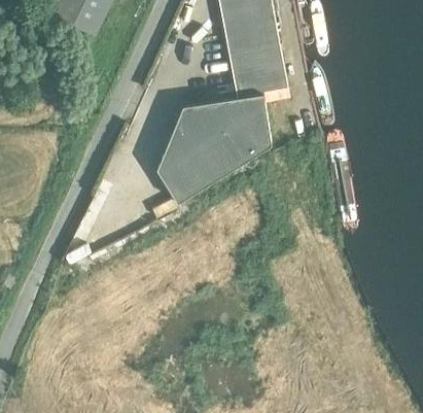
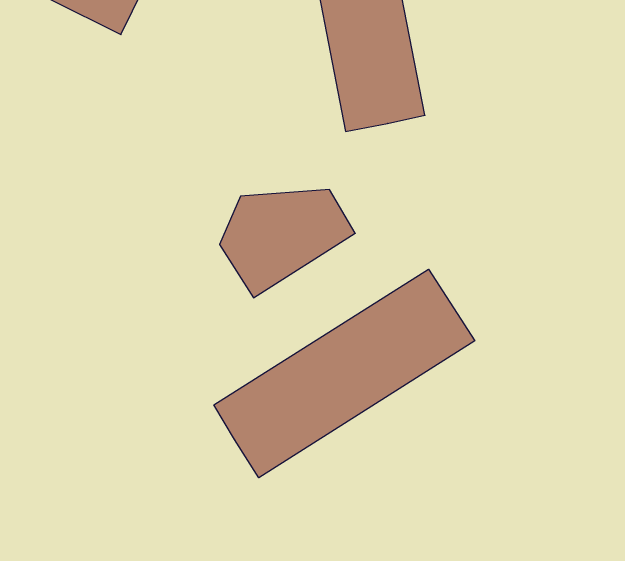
building: [171,93,273,163] -> none
building: none -> [214,269,475,478]

